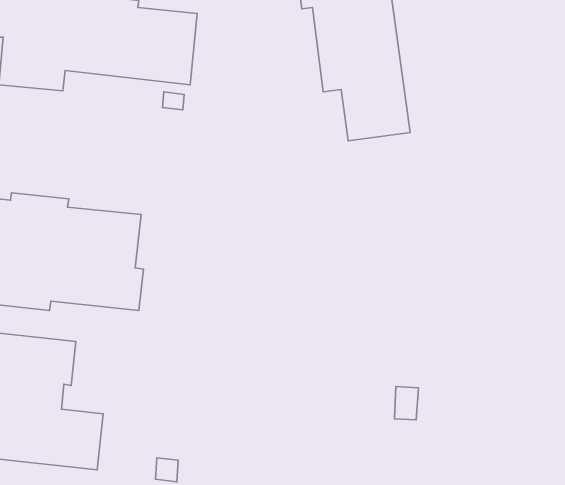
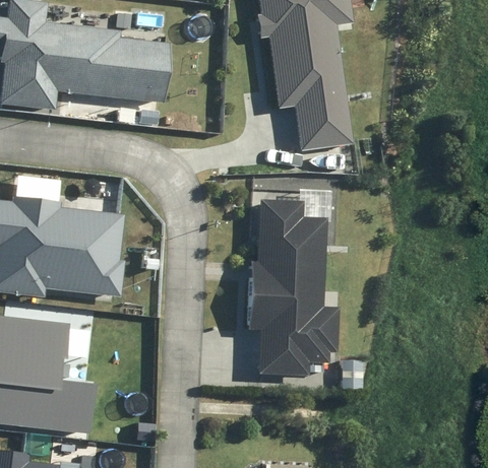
building: none -> [247,200,338,378]

